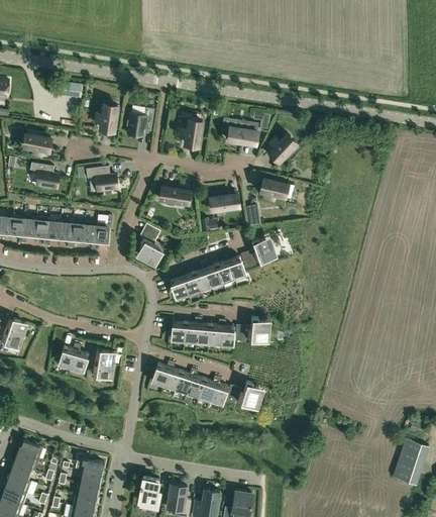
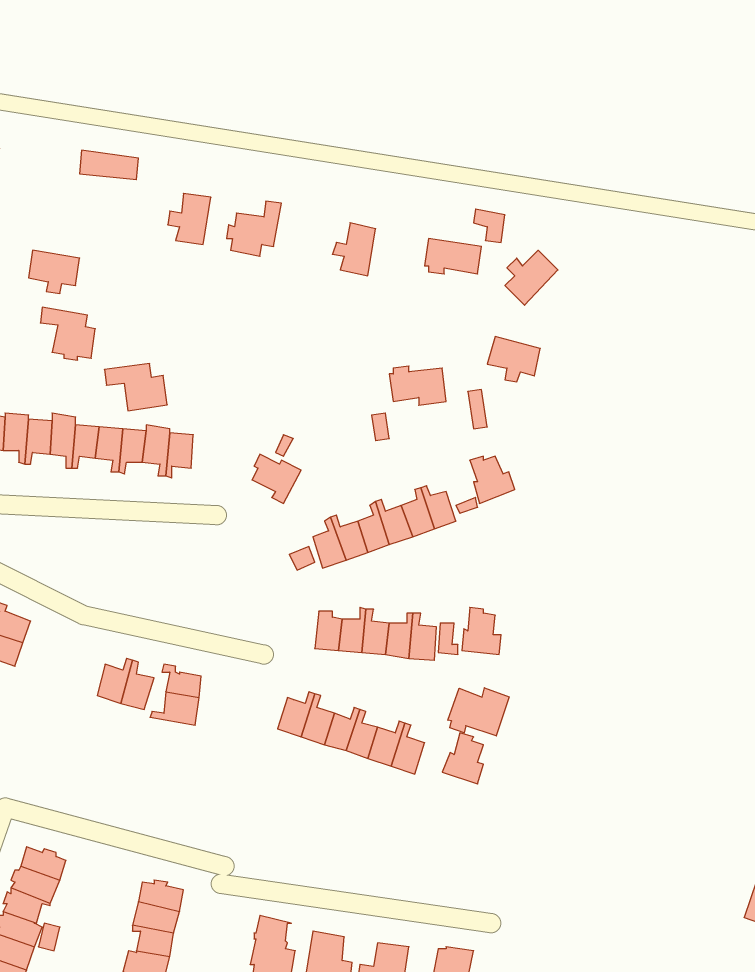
building: [86,168,118,192] -> [104,364,167,411]
building: [160,186,190,206] -> none
building: none -> [448,688,509,736]

